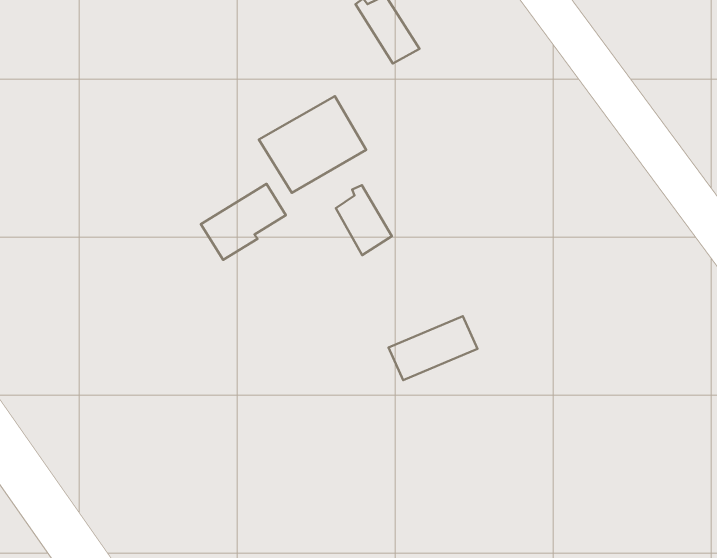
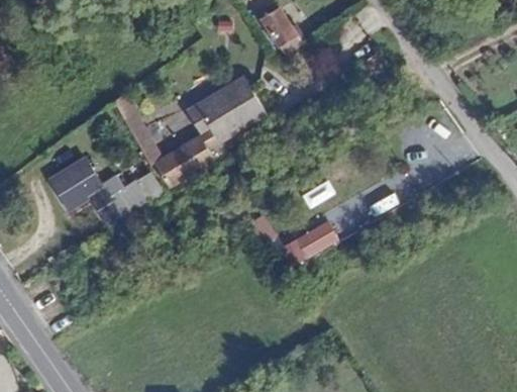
building: [336,185,392,255] -> none
building: none -> [46,159,167,229]

